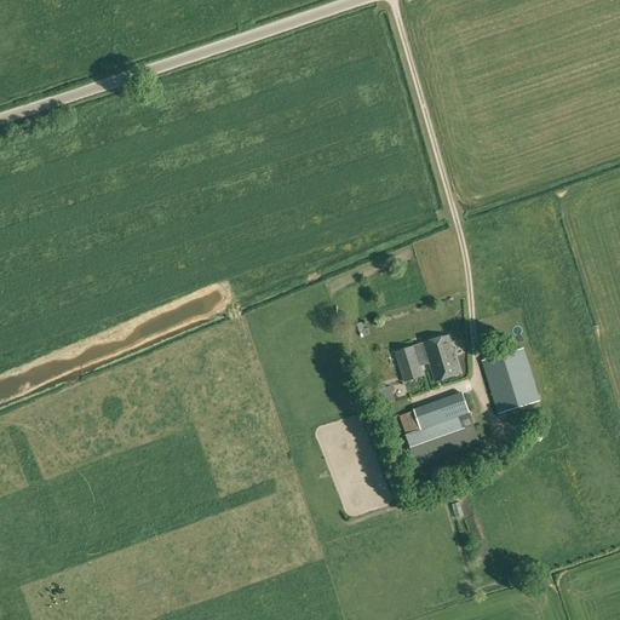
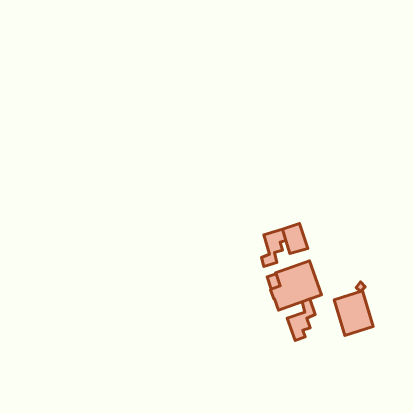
building: [481,346,539,413] -> [334,291,373,335]
building: none -> [287,299,315,341]

